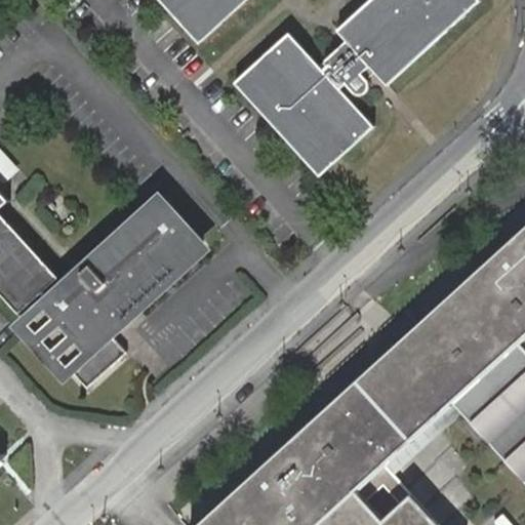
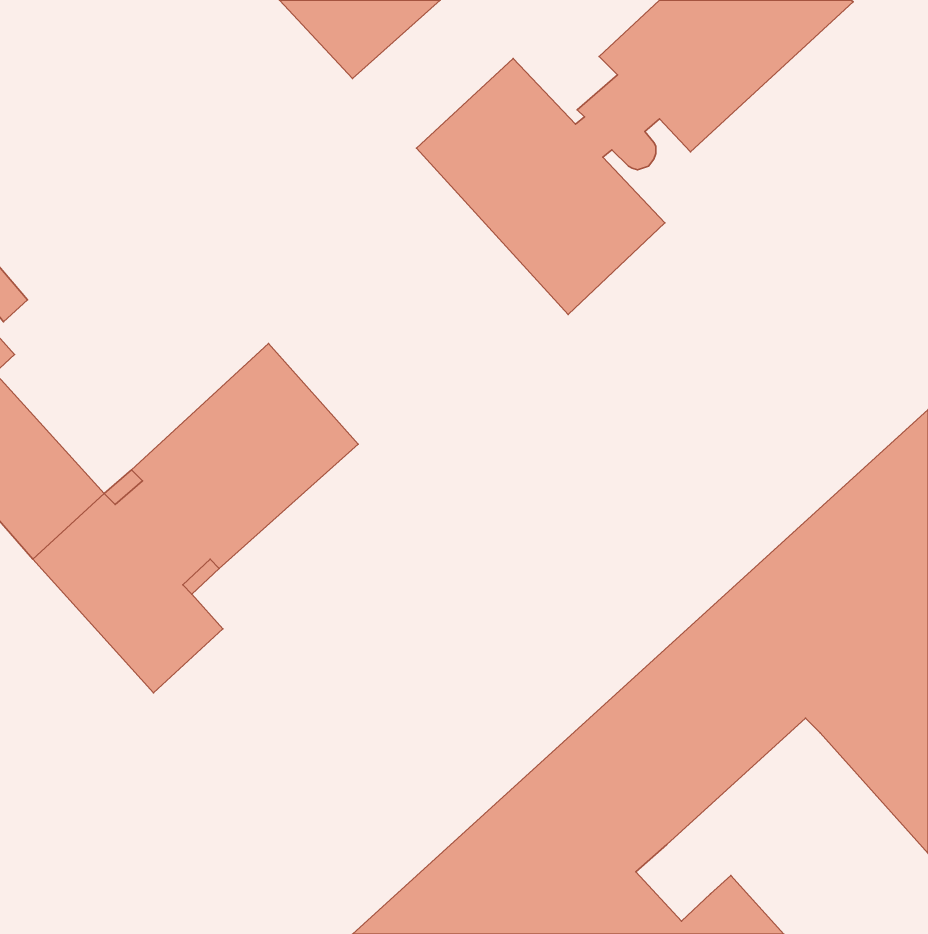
building: [374,403,460,501] -> none

